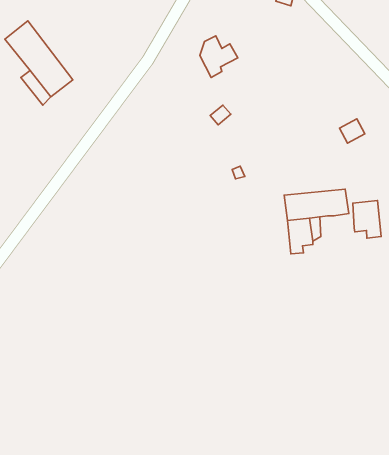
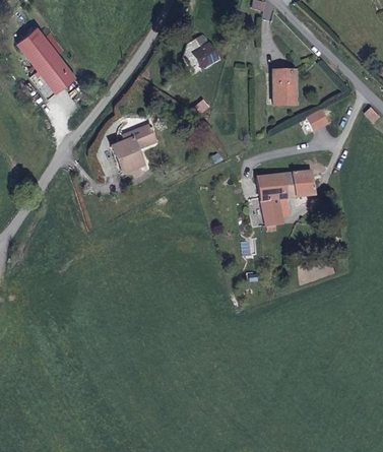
building: none -> [274,70,297,105]
building: none -> [110,124,157,176]
building: [353,201,381,238] -> none

